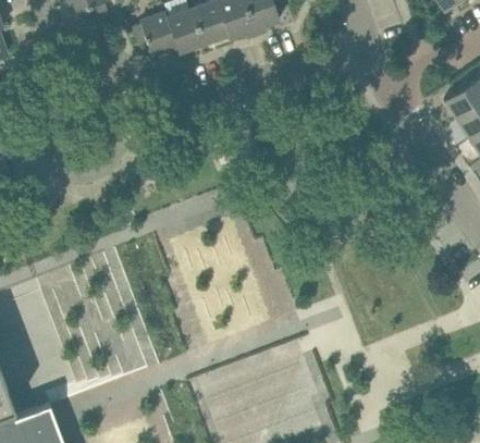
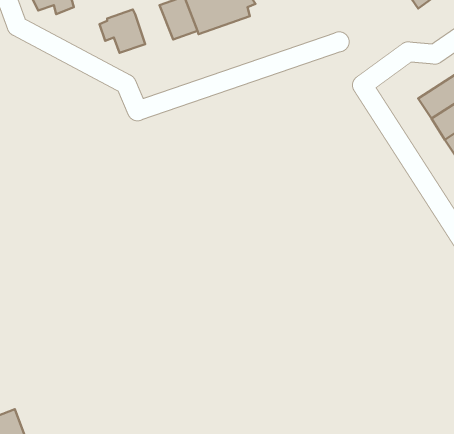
building: [167,9,204,52] -> none

